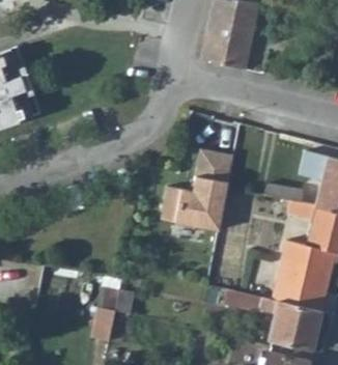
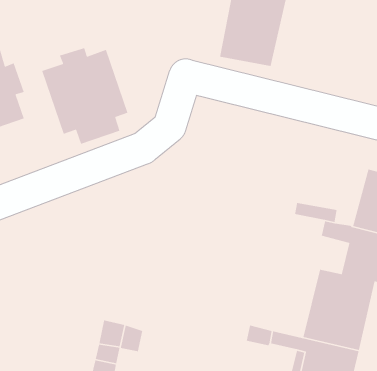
building: none -> [41,47,129,145]
building: [161,150,234,232] -> none

